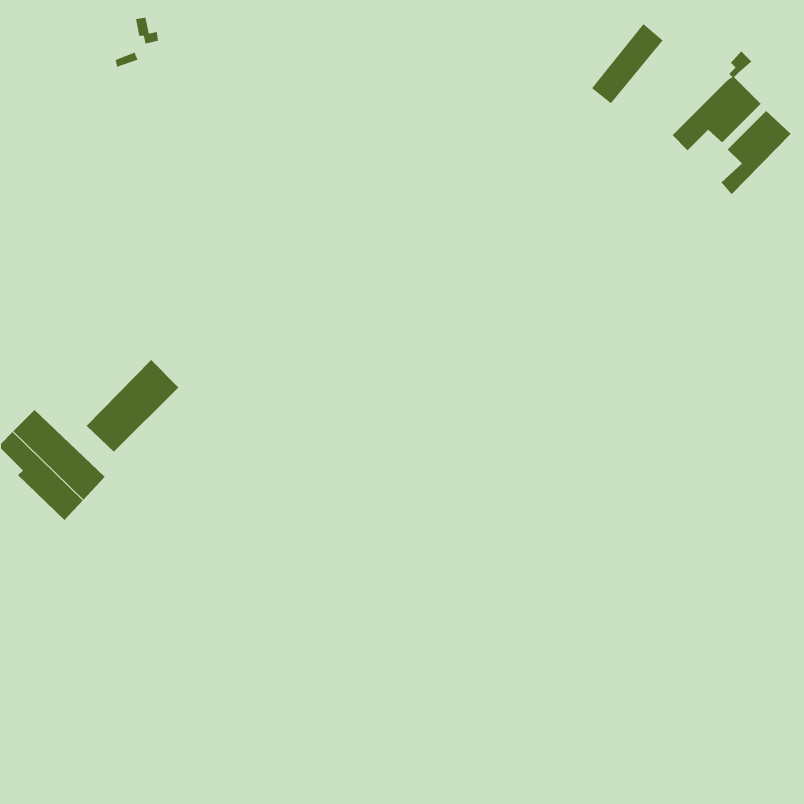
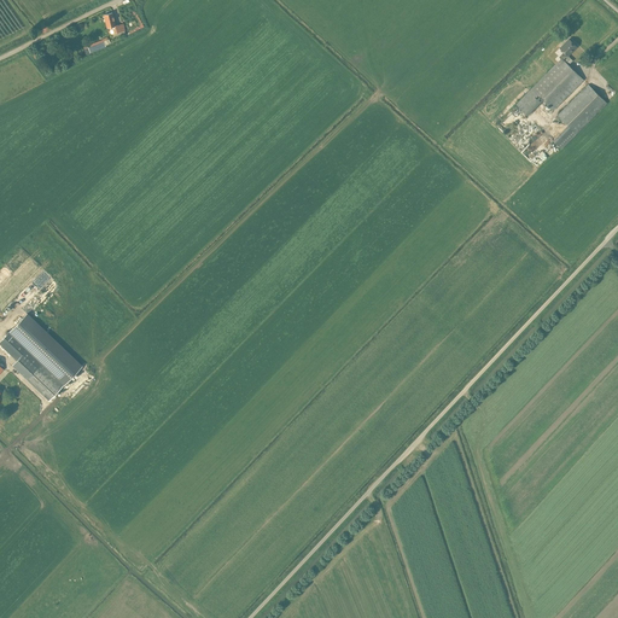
building: [591,23,664,104] -> none
building: [86,359,179,453] -> none

